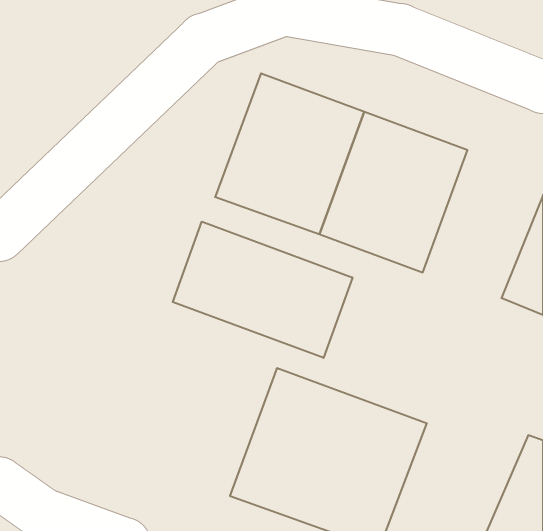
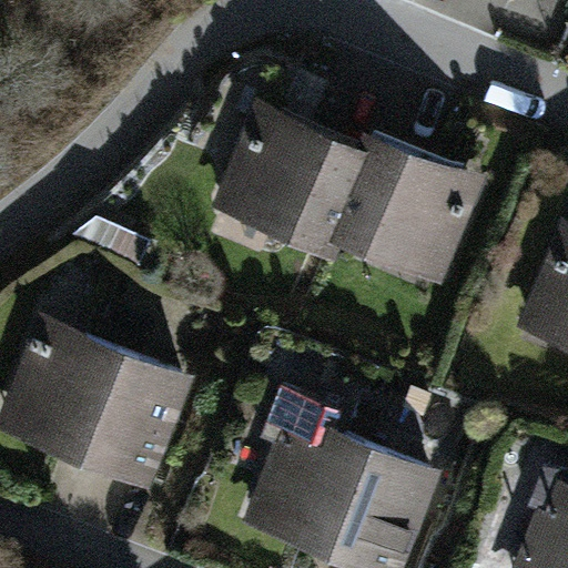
building: [173,222,352,358] -> none
building: none -> [4,321,192,494]

